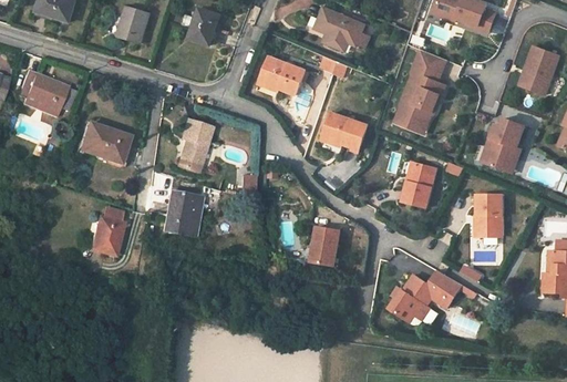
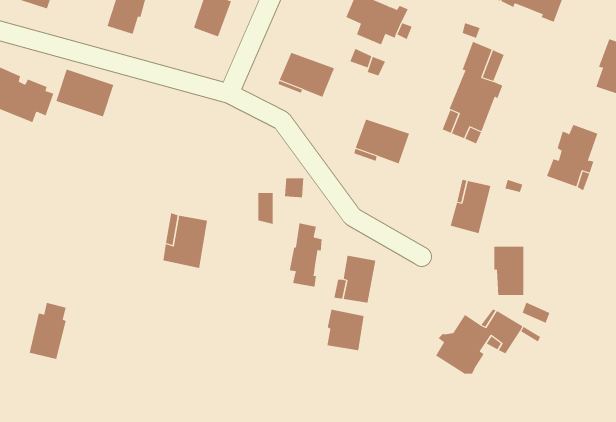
building: [176,120,212,173] -> none
building: [79,123,127,163] -> [56,69,114,117]
building: [476,195,502,236] -> [493,246,524,296]
building: none -> [289,222,322,288]
building: [91,207,122,255] -> [29,302,66,359]
building: none -> [327,309,364,352]

